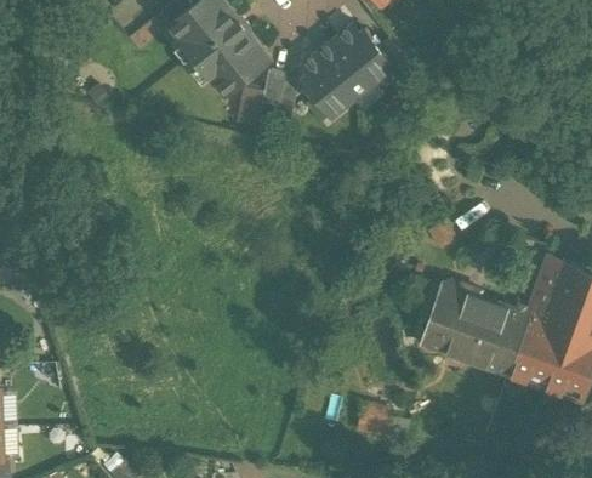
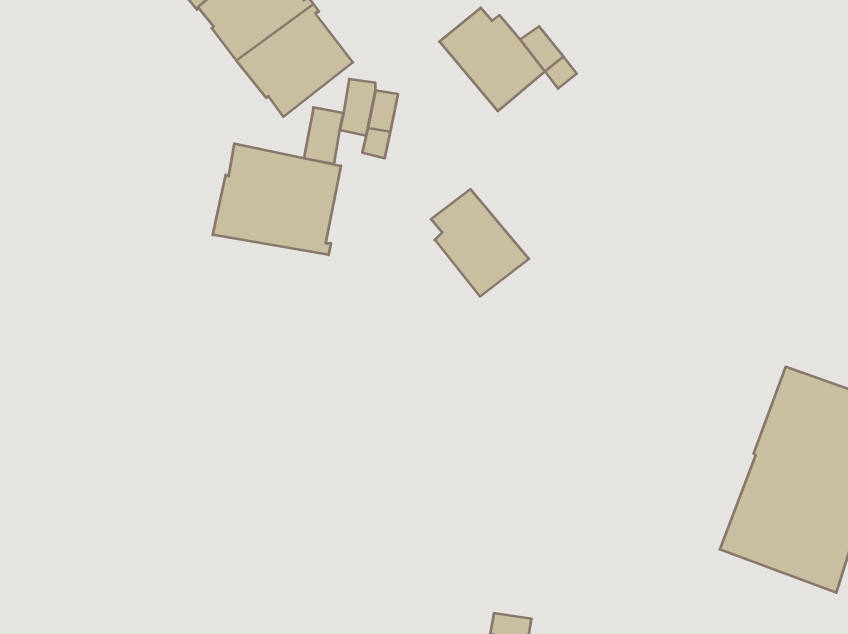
building: [300,47,363,116] -> [431,189,529,296]
building: none -> [213,144,341,255]
building: [420,283,529,375] -> none

